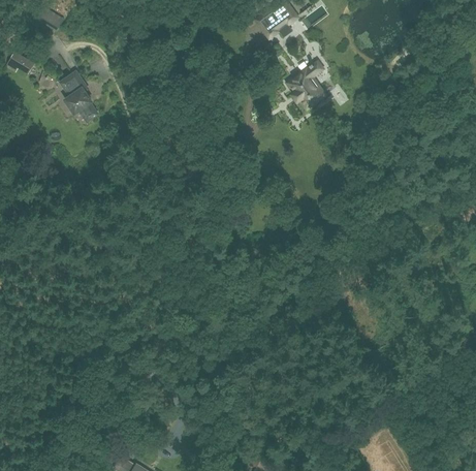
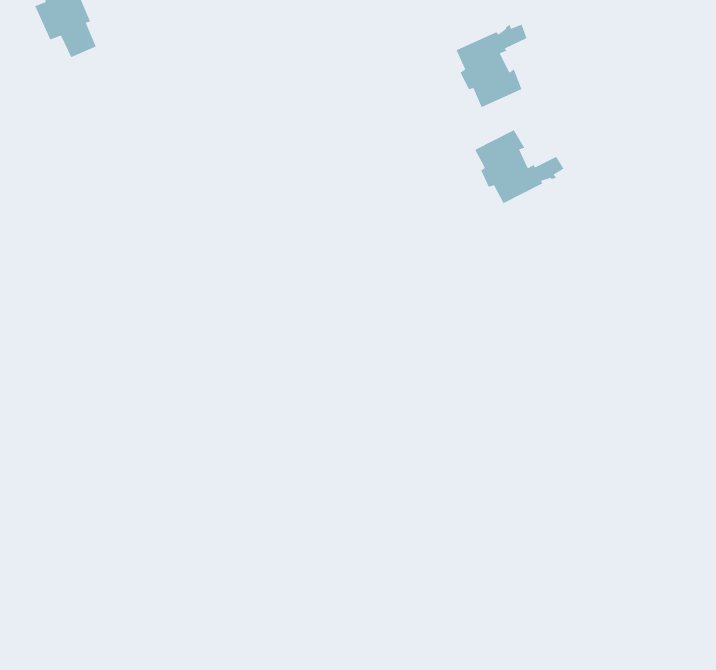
building: none -> [474,129,564,204]

